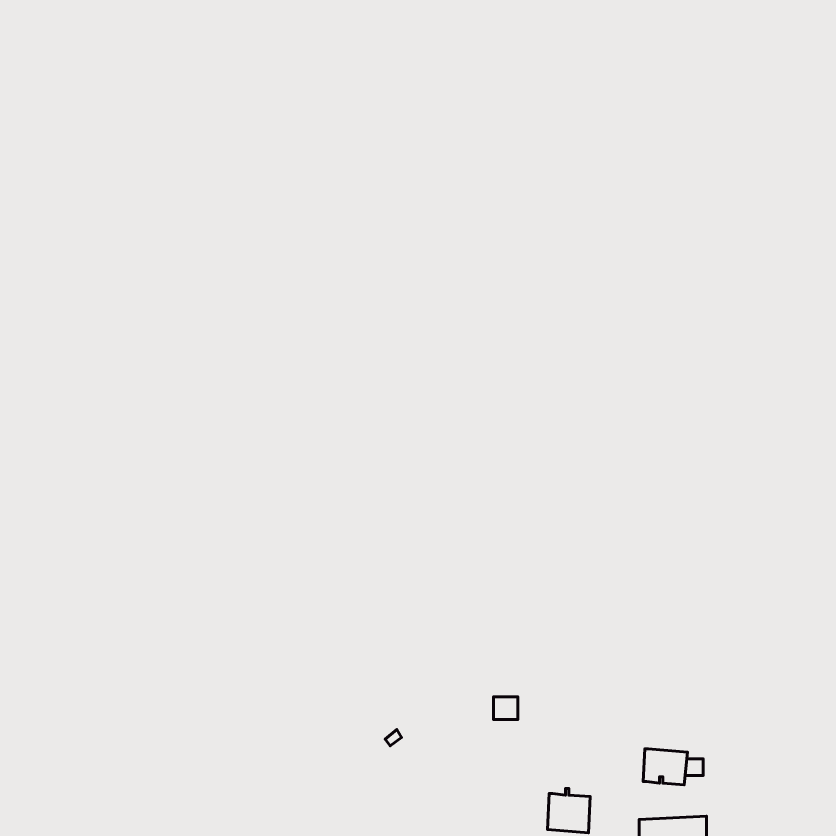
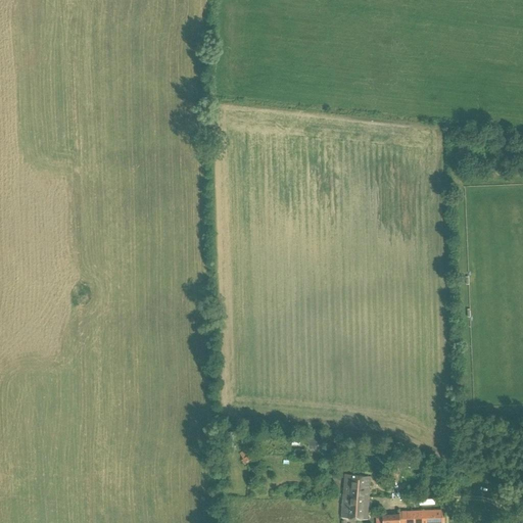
building: [643,749,688,785] -> [342,475,370,497]

